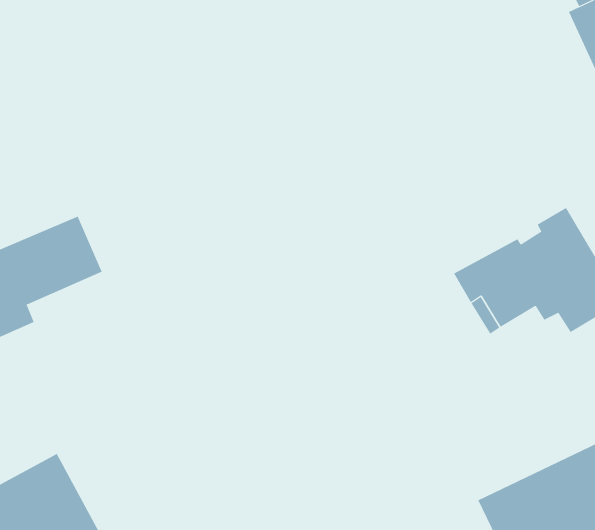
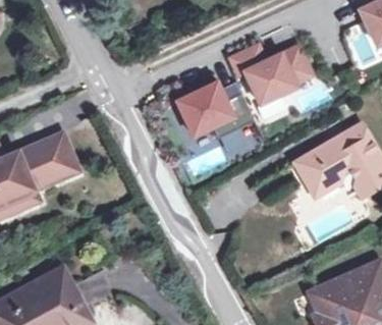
building: none -> [231,49,314,109]
building: none -> [175,84,252,140]

